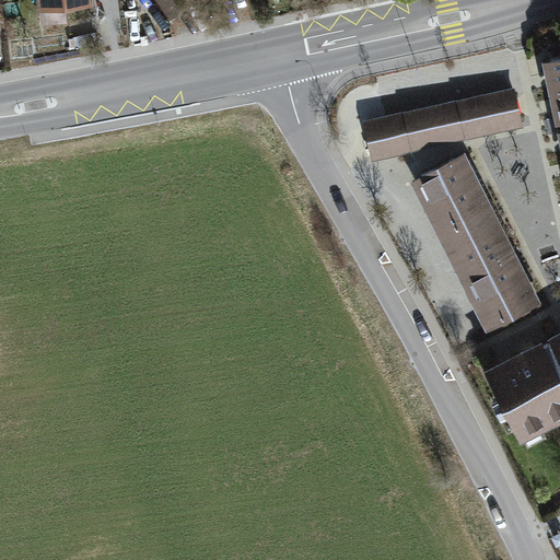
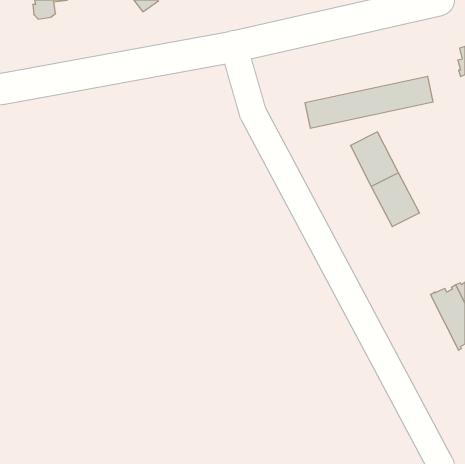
building: [471,257,529,323] -> none
building: [490,355,551,430] -> none

